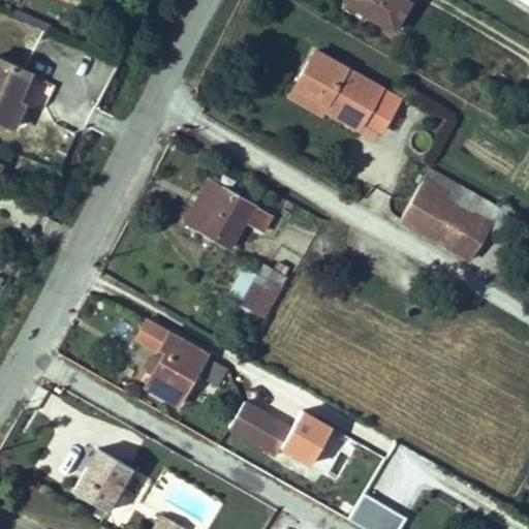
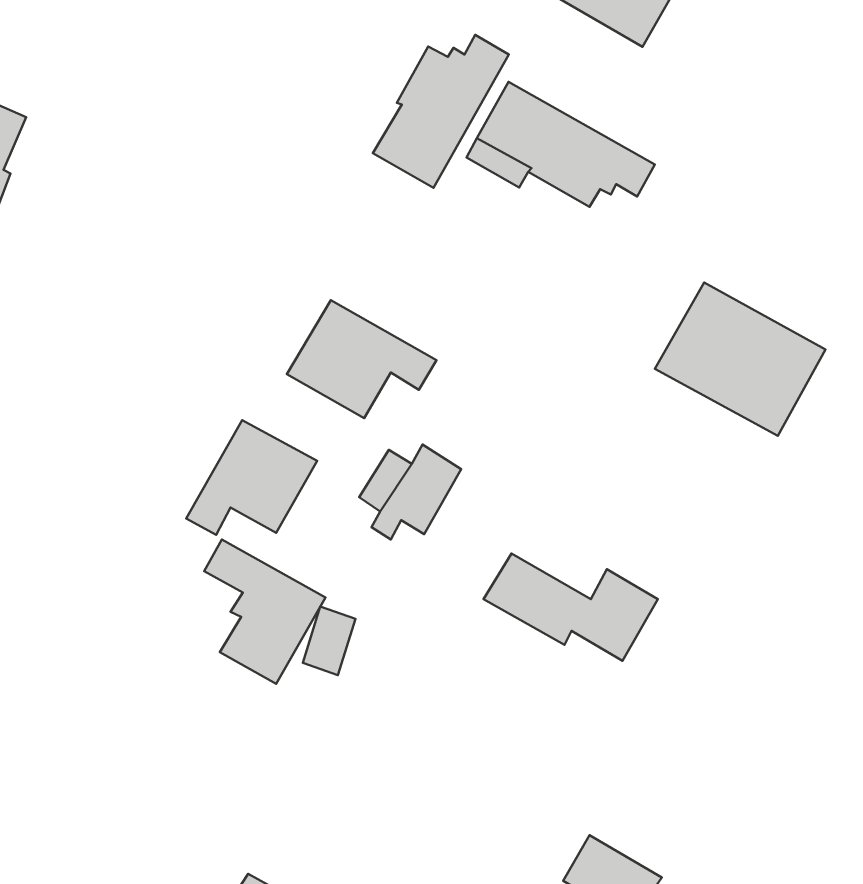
building: none -> [373,35,509,188]
building: none -> [186,420,317,535]
building: [229,402,332,465] -> [483,553,658,661]
building: [73,448,133,511] -> none

